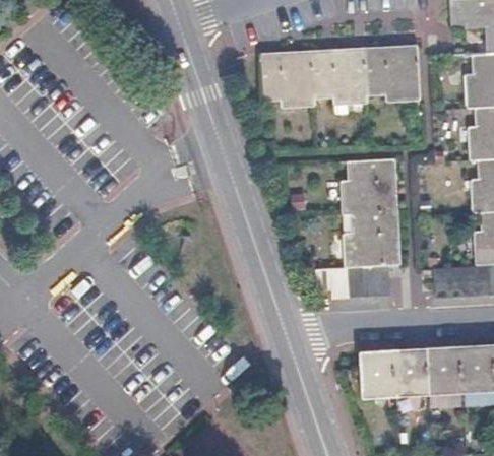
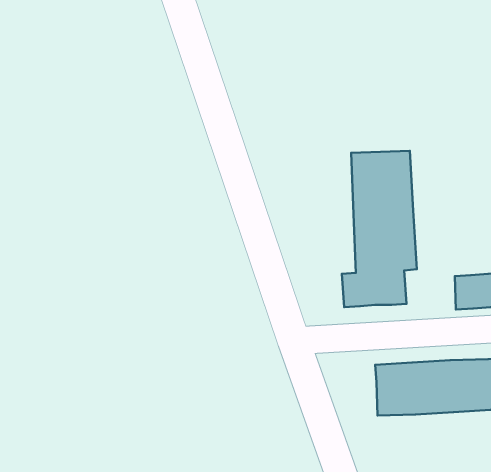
building: [263,50,420,111] -> none

